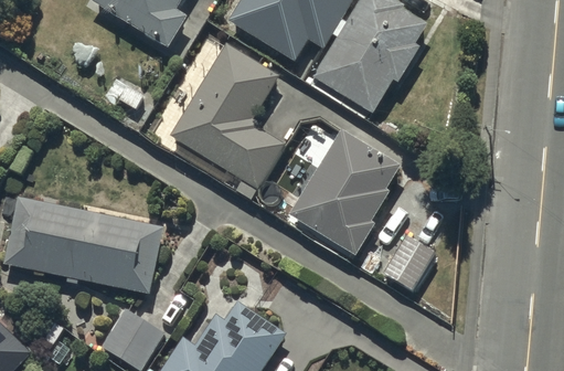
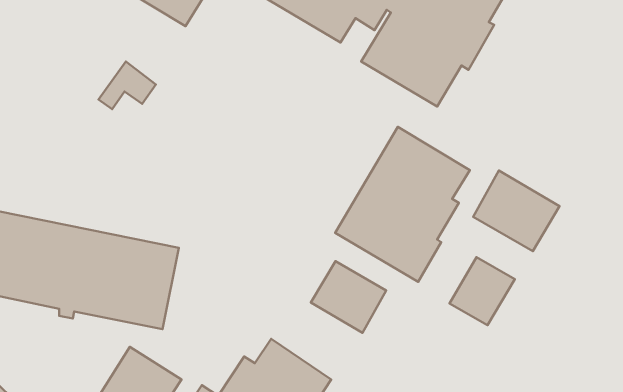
building: [170,42,285,205] -> none
building: none -> [473,171,560,251]
building: none -> [311,261,386,333]

